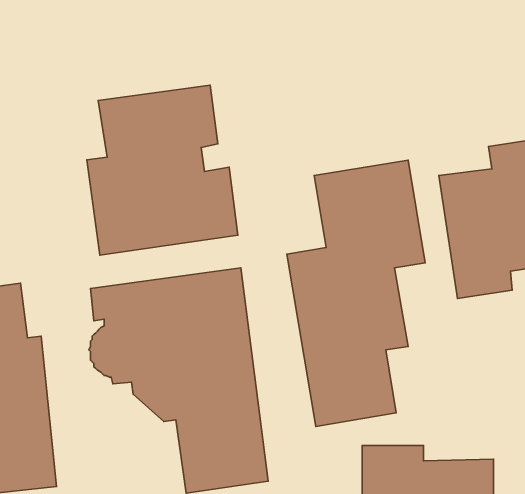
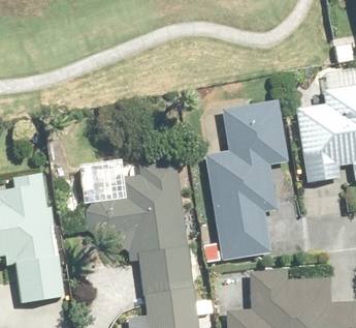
building: [87,85,238,255] -> none

